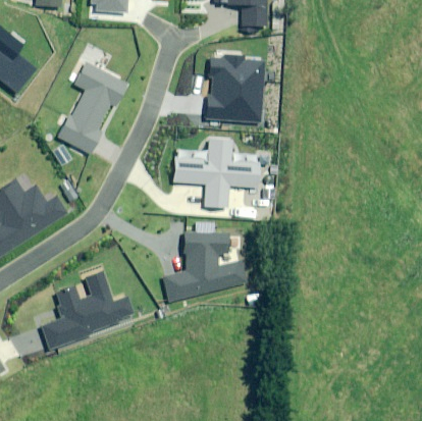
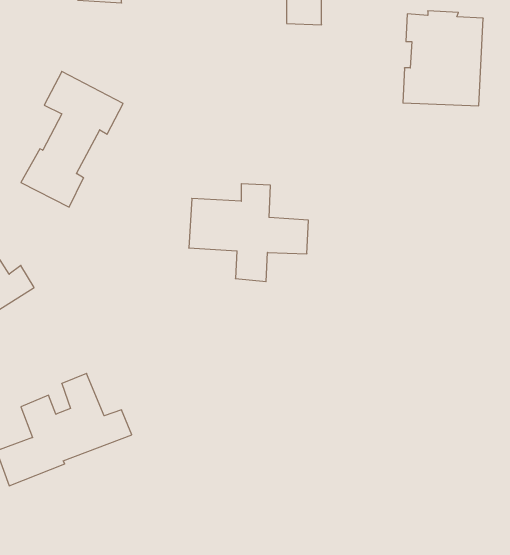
building: [207,55,263,121] -> [403,11,483,106]
building: [161,232,247,302] -> none

